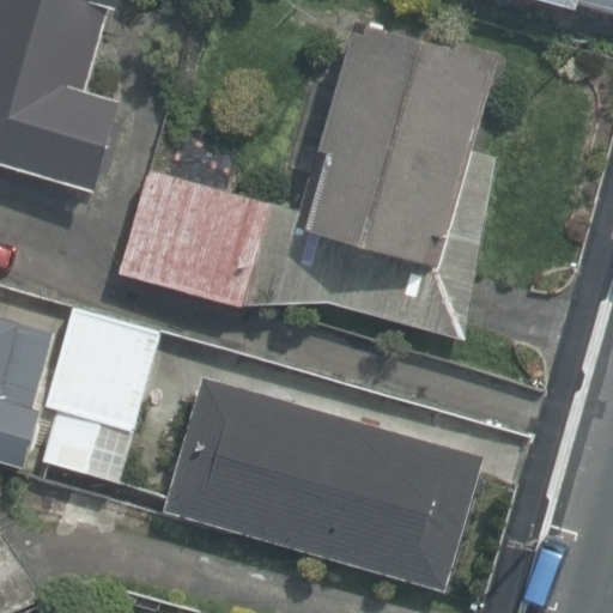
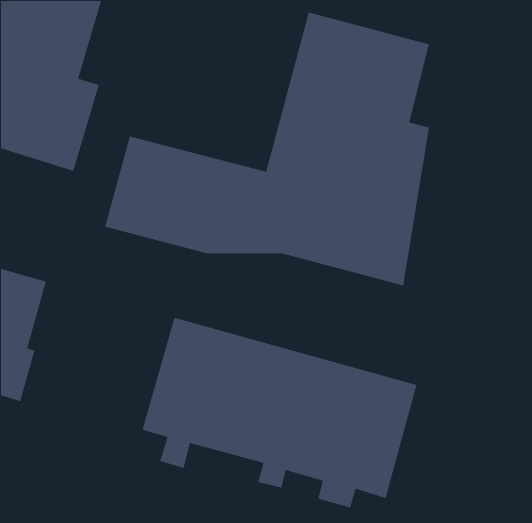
building: [37,309,157,473] -> none

